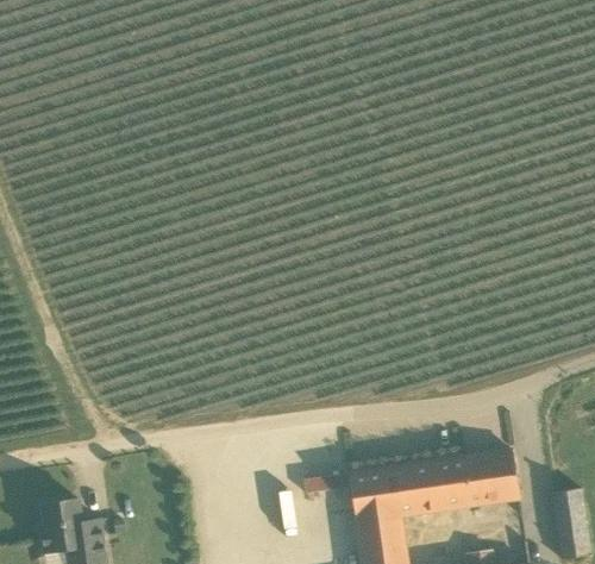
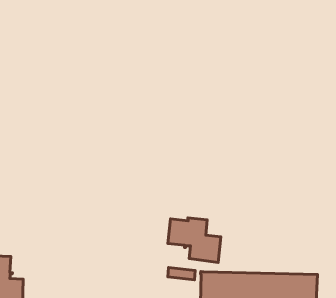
building: none -> [168,218,221,262]

